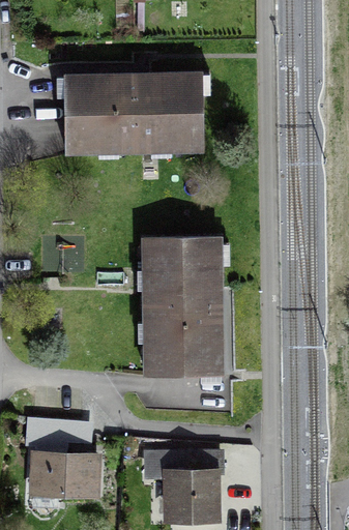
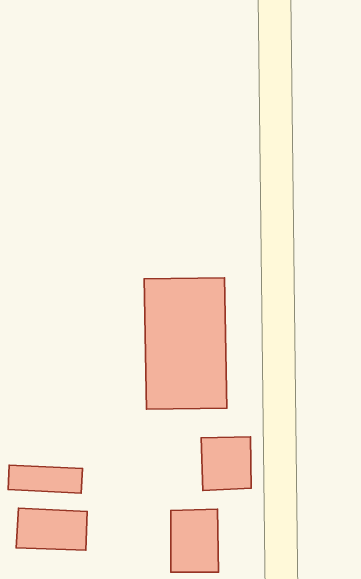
building: [68,84,195,150] -> none
building: none -> [201,437,251,490]

